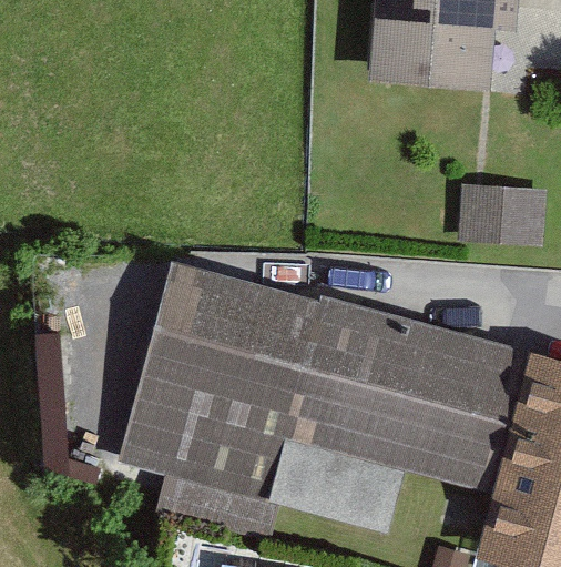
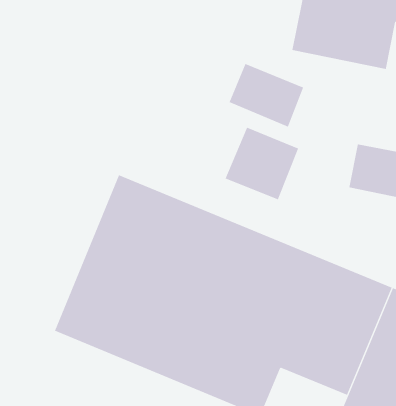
building: none -> [229,63,304,127]
building: none -> [225,127,299,200]

